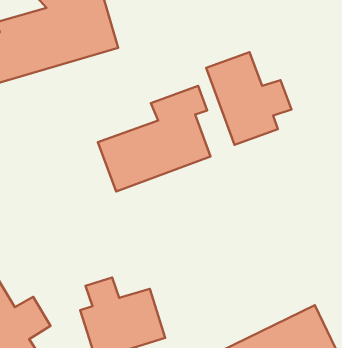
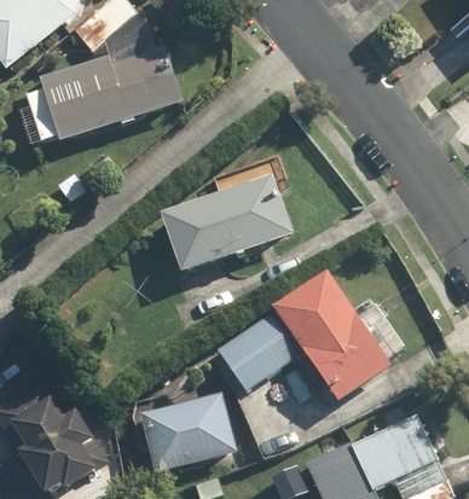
building: [206,52,291,145] -> none
building: none -> [219,269,403,399]

